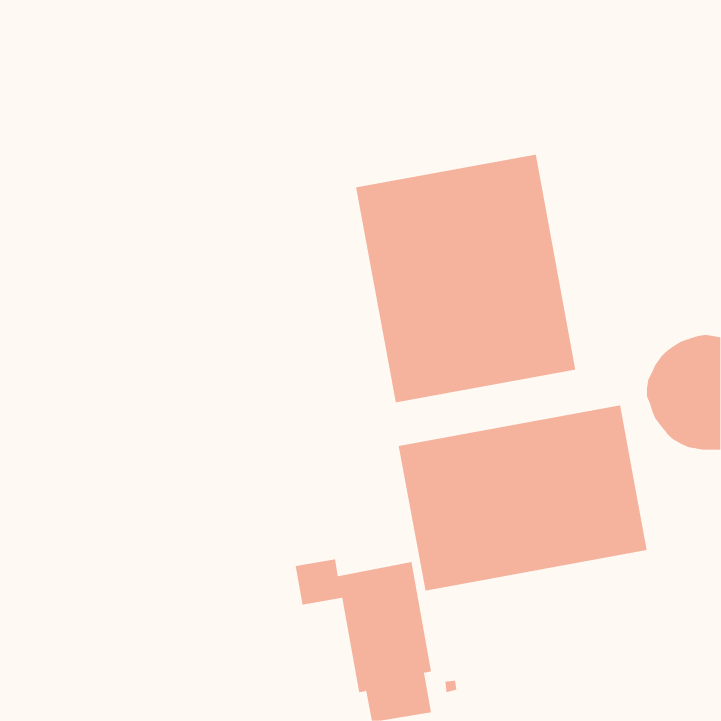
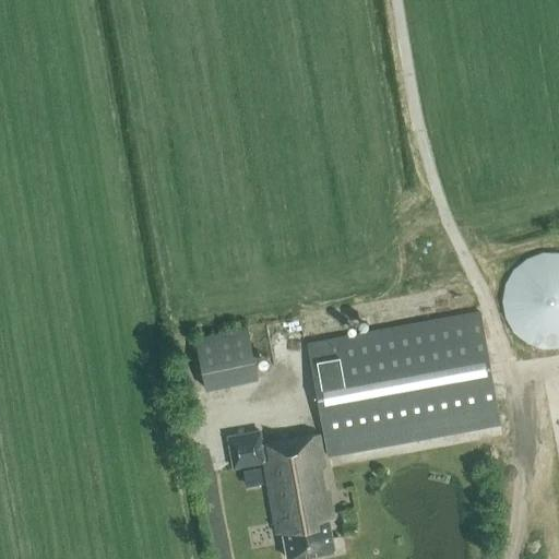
building: [356,154,576,403] -> none
building: none -> [200,326,266,388]

